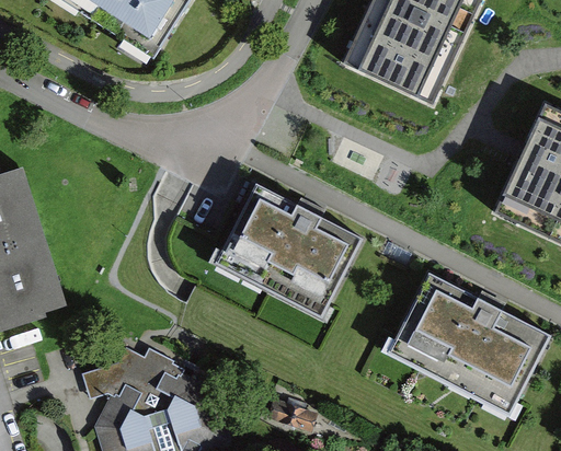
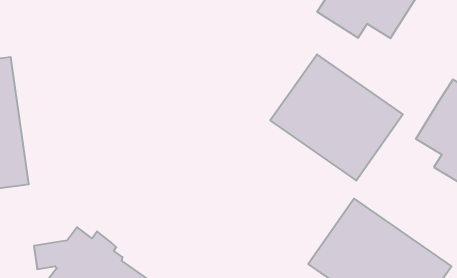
building: [215,180,362,313] -> [270,54,403,181]

